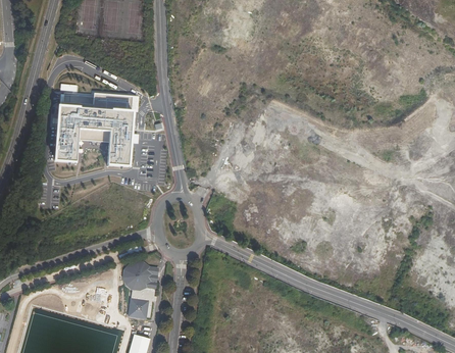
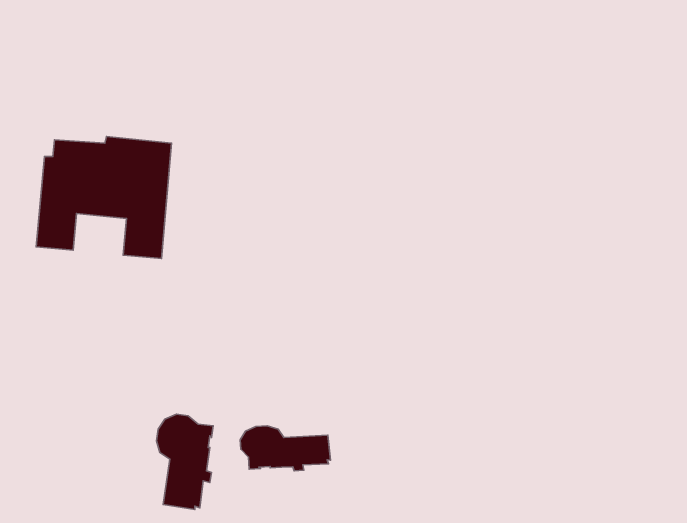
building: none -> [240,426,331,471]

